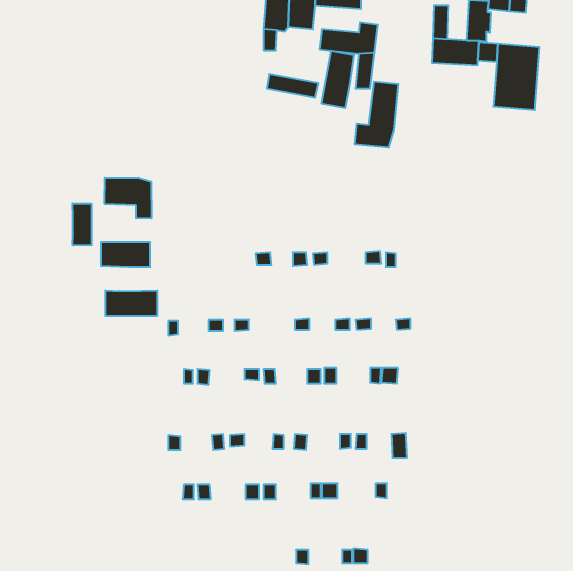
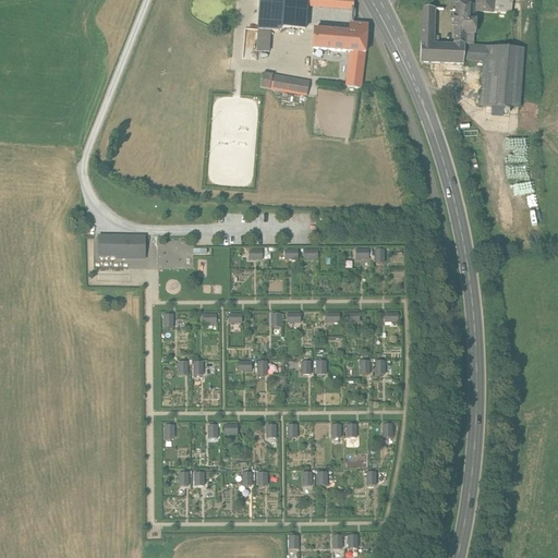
building: [322,51,354,108] -> none
building: [355,82,398,148] -> none
building: [105,178,151,218] -> none
building: [73,203,92,245] -> none
building: [105,290,157,316] -> none

